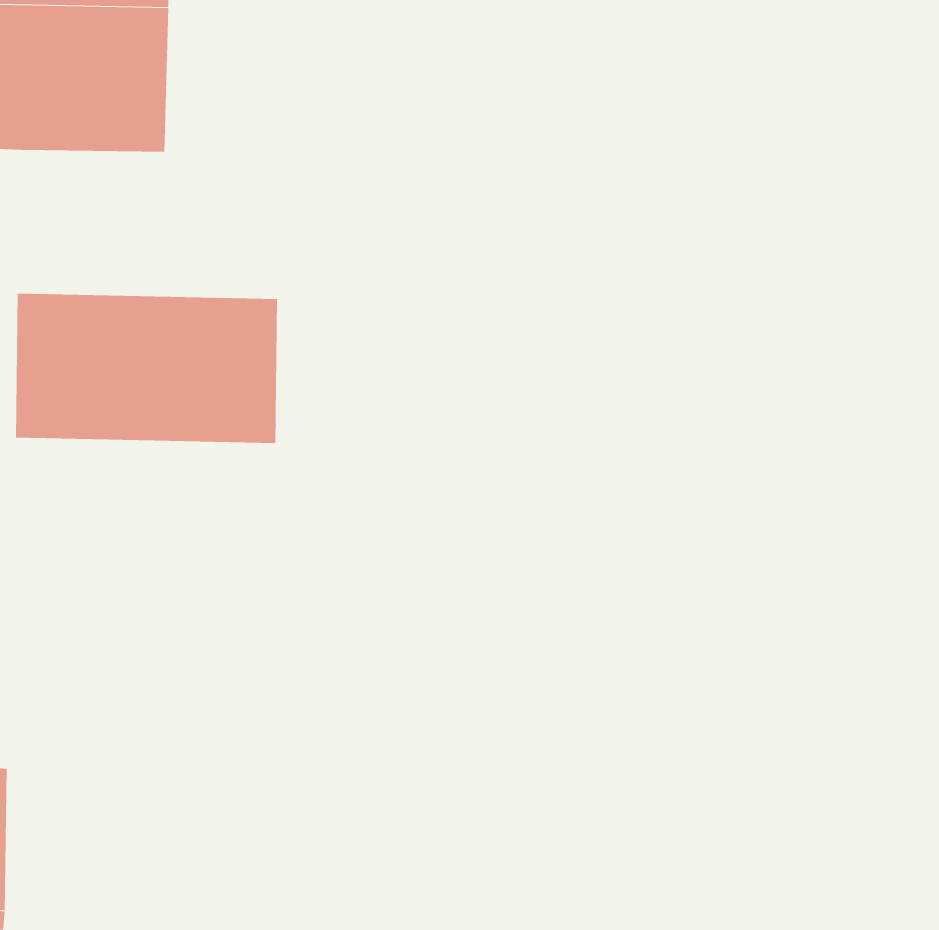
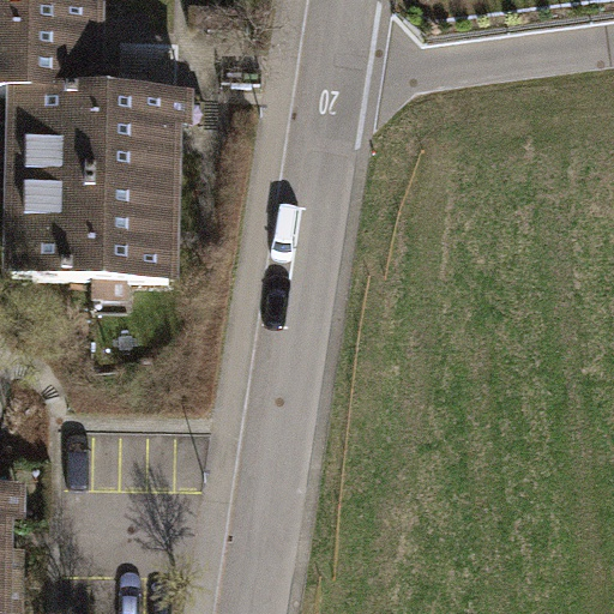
building: none -> [11,96,180,191]

